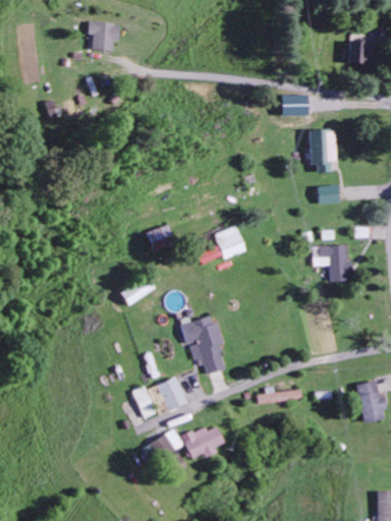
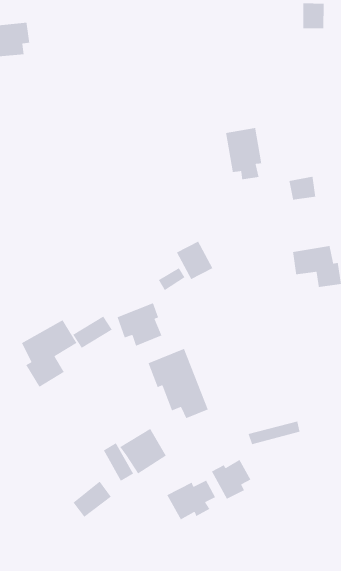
building: [310,129,337,172] -> [225,127,262,180]
building: none -> [117,302,163,347]
building: none -> [21,319,77,388]
building: none -> [211,459,251,500]
building: [149,430,182,460] -> [72,480,112,518]

